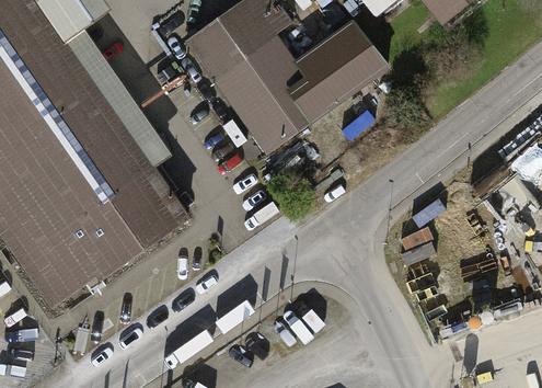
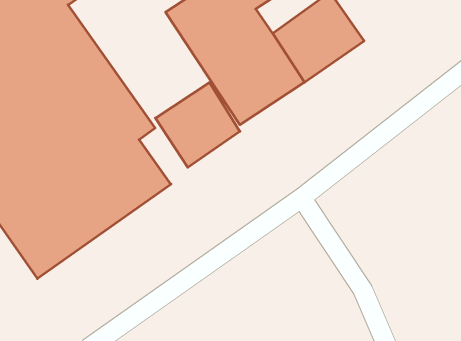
building: none -> [155,83,240,167]

